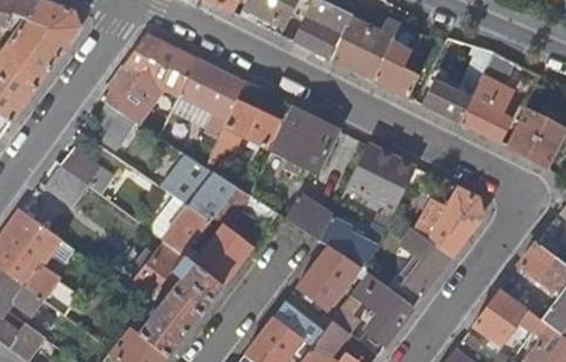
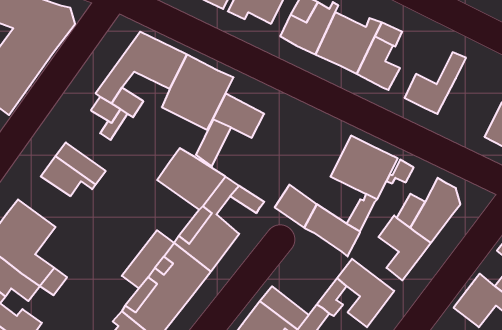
building: [458,83,511,142] -> none
building: [273,107,339,171] -> none
building: [163,206,209,255] -> none
building: [293,244,358,307] -> none

